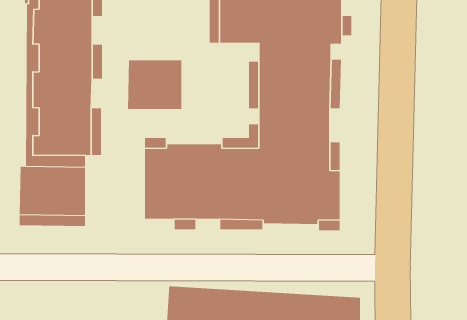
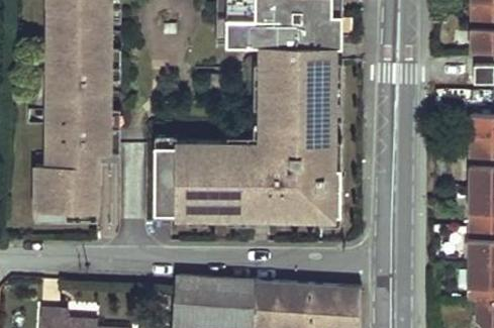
building: [127,59,182,110] -> none

